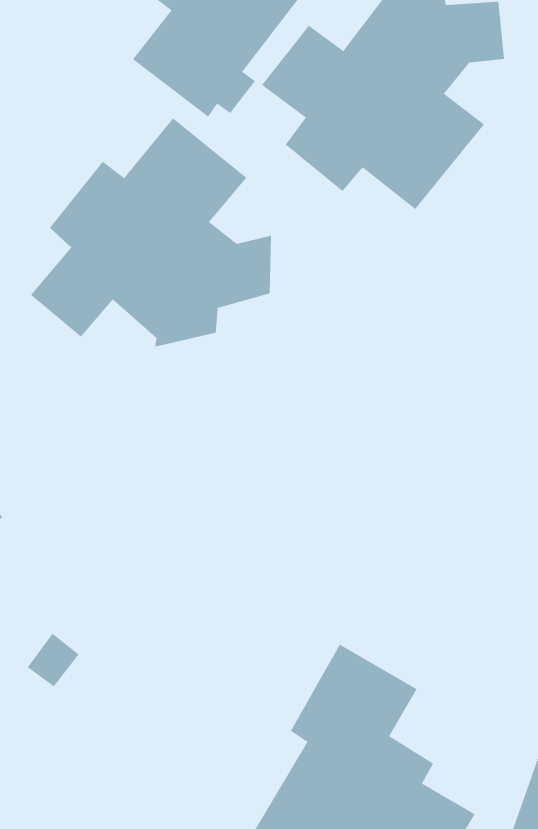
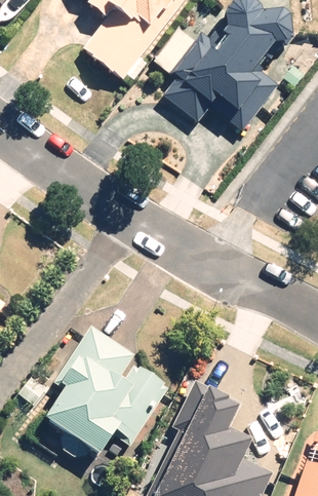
building: [30,118,271,348] -> none
building: none -> [41,325,167,457]

